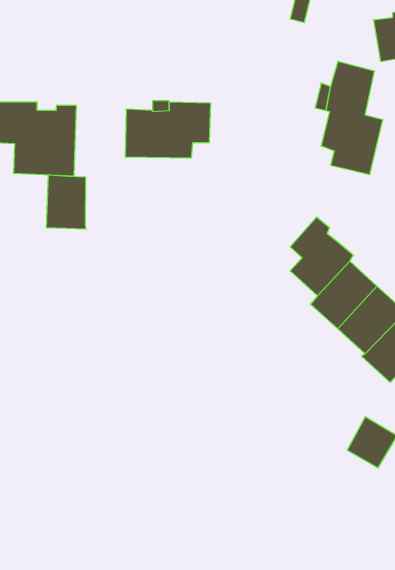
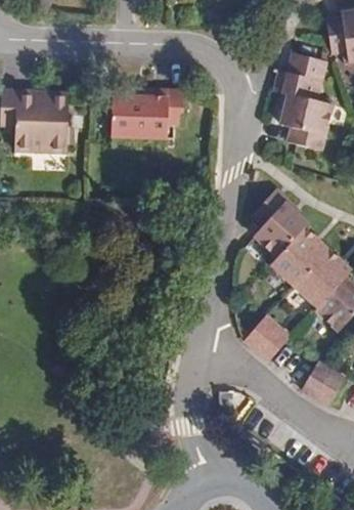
building: [46,175,86,229] -> none
building: none -> [244,314,291,360]

